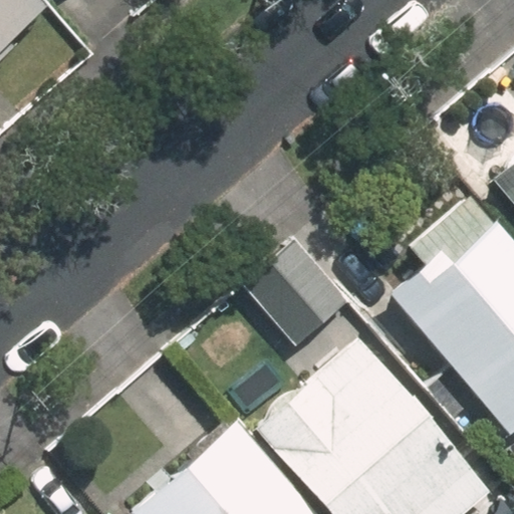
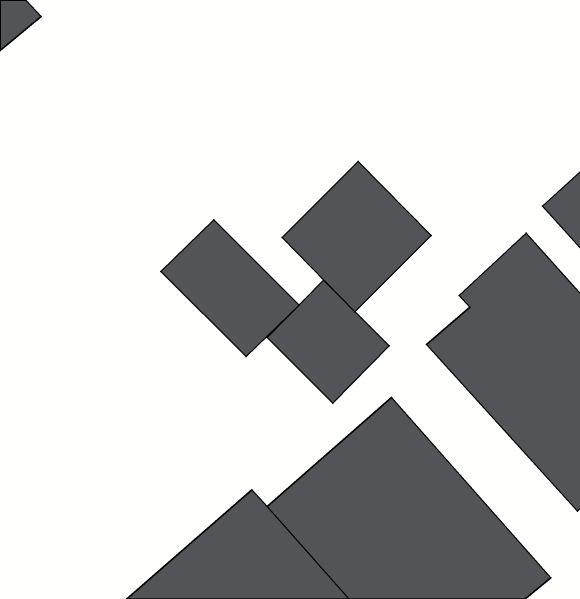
building: none -> [282,161,431,312]
building: none -> [161,220,299,357]

